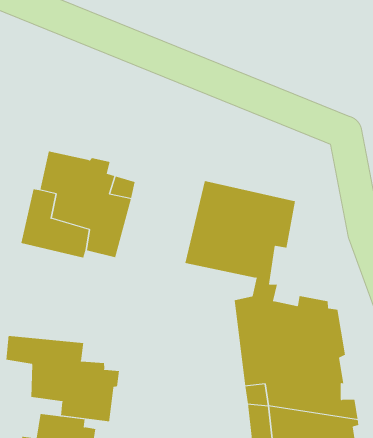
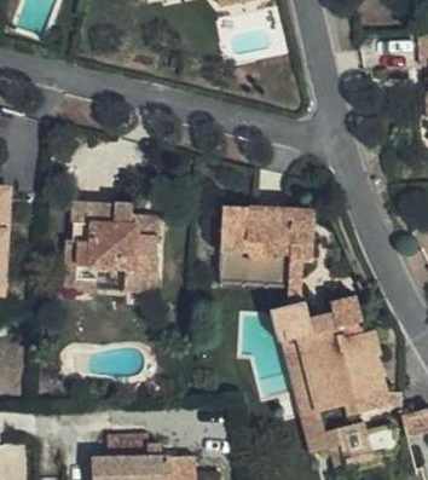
building: [6,335,119,422] -> none

